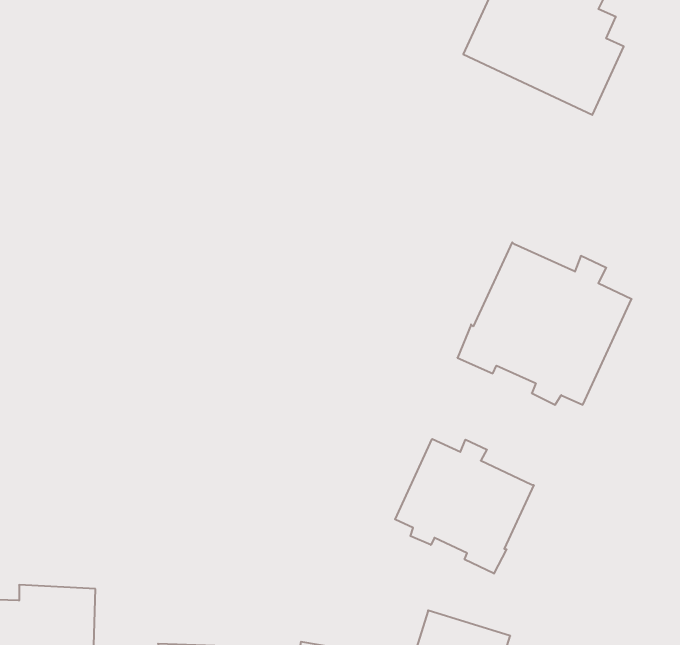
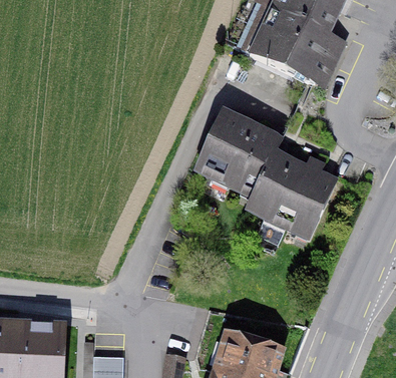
building: none -> [195,108,283,191]
building: [395,439,534,574] -> none

